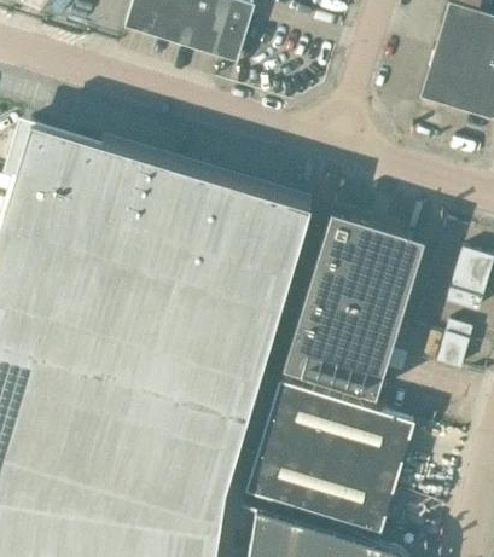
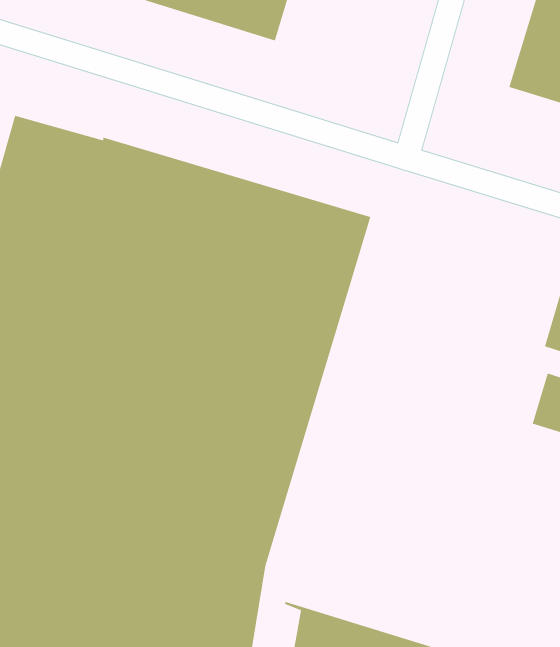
building: [285,208,425,394] -> none
building: [246,378,415,530] -> none

